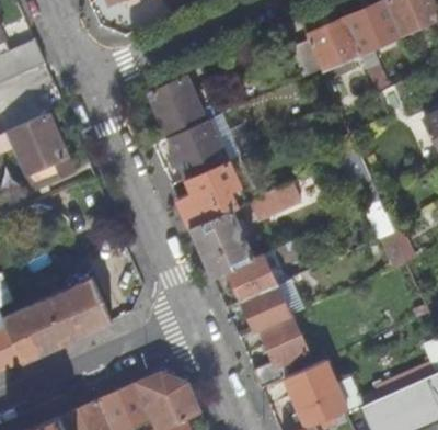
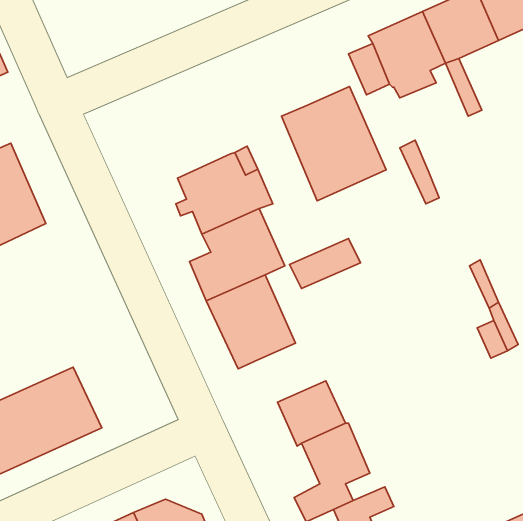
building: none -> [282,87,386,201]
building: [150,78,207,138] -> none
building: [227,254,276,301] -> none

